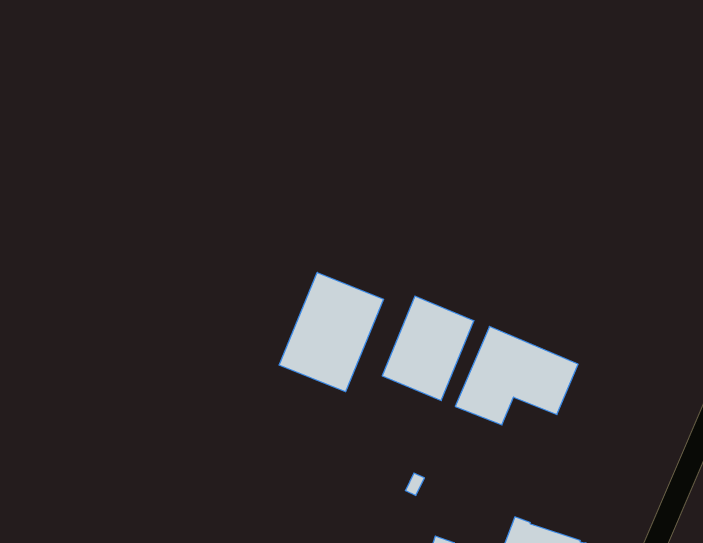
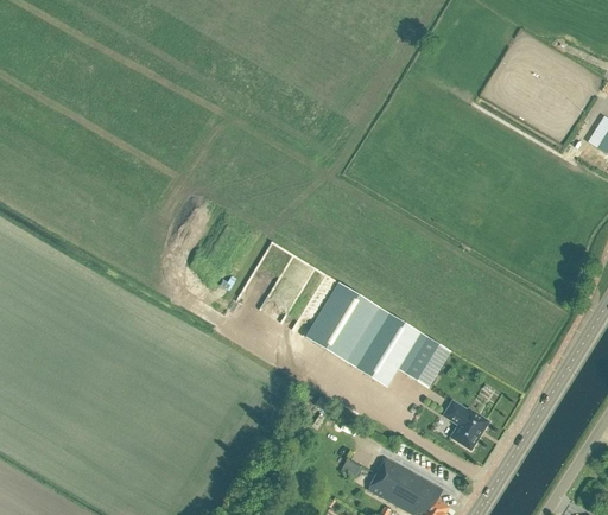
building: [279,272,384,392] -> none
building: none -> [444,400,489,449]

